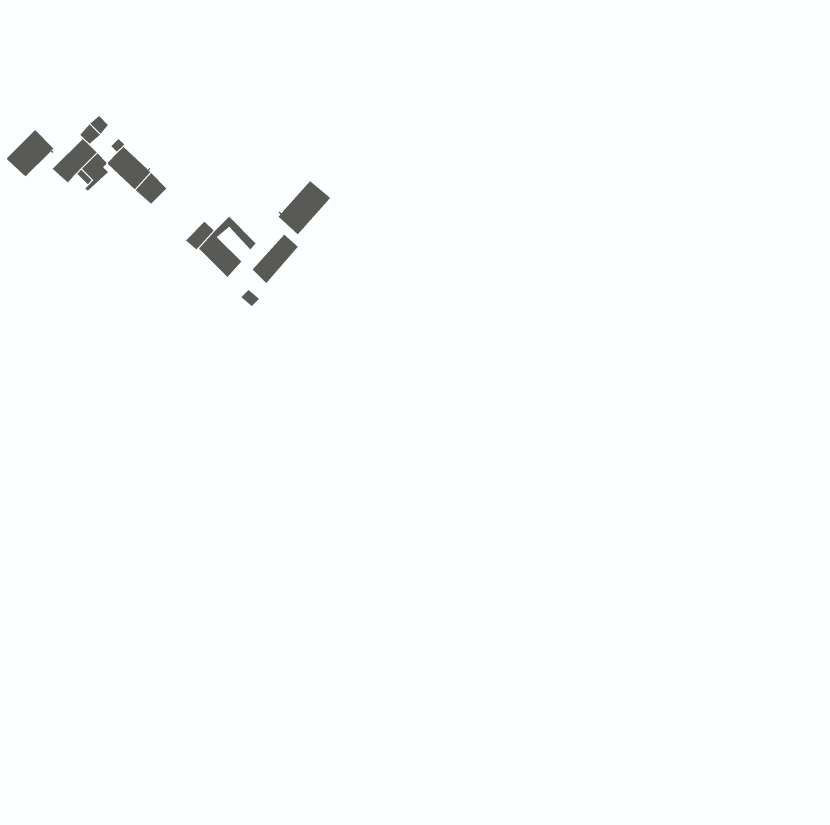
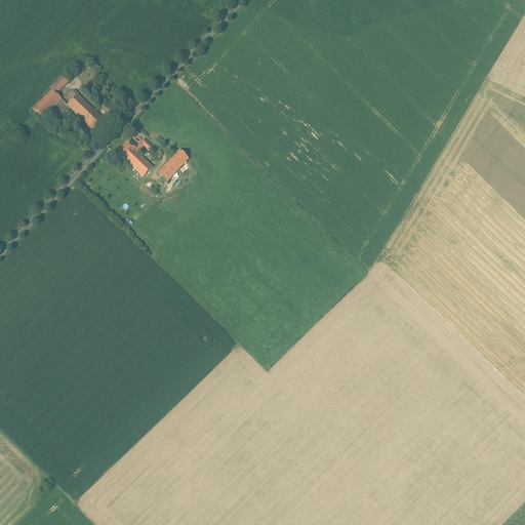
building: [7,129,54,177] -> none
building: [278,180,330,235] -> none

